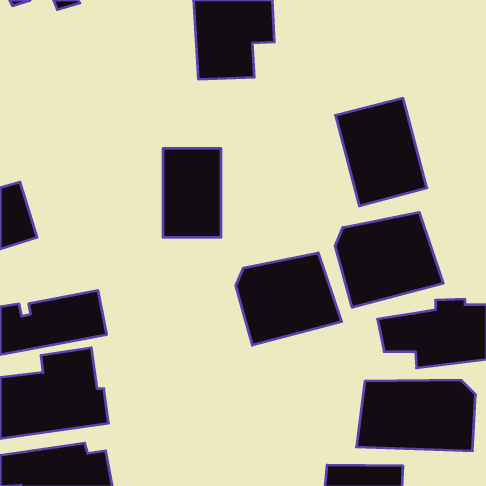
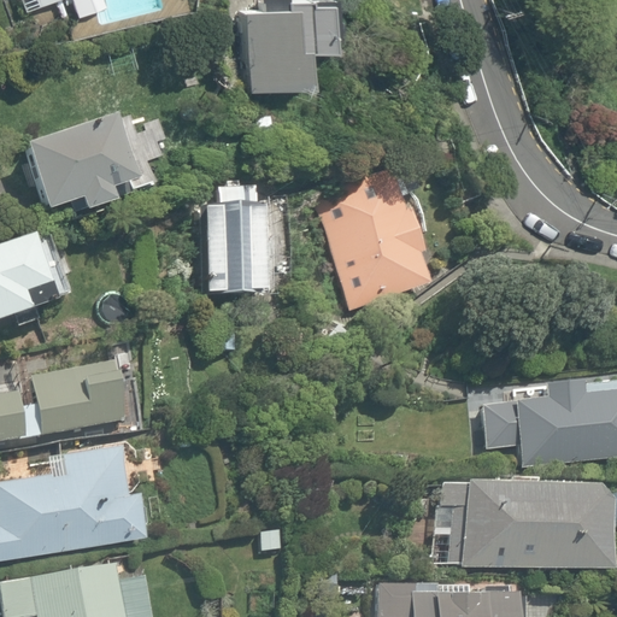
building: none -> [11,116,125,213]
building: [335,98,427,206] -> [322,157,437,293]
building: [335,212,443,307] -> none
building: [236,253,342,345] -> none

